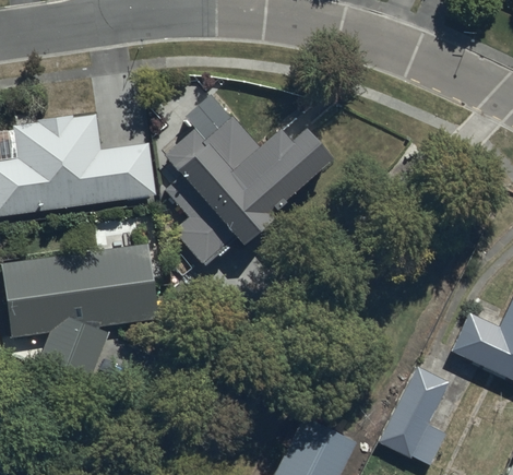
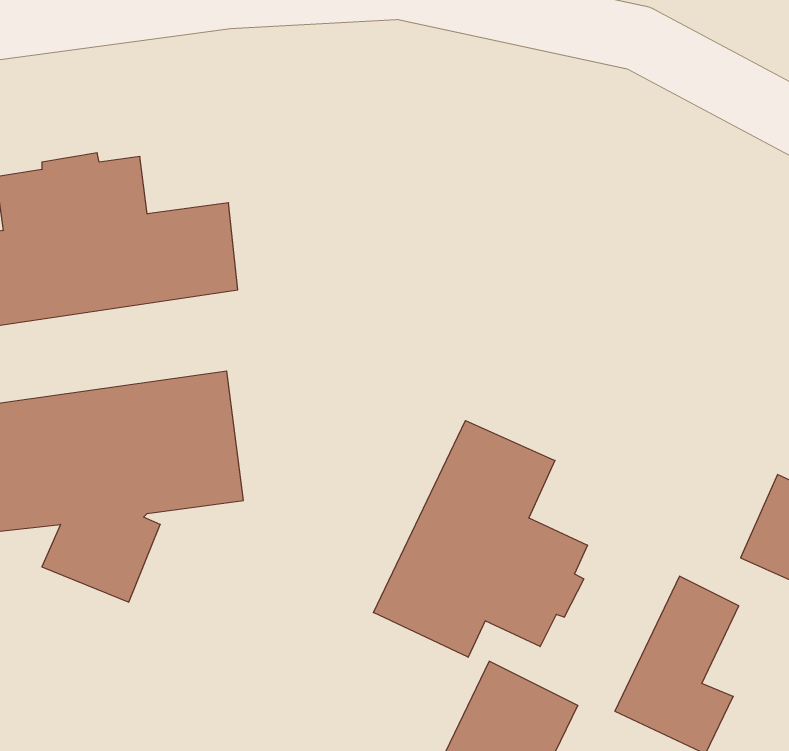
building: [164,114,333,264] -> none
building: none -> [373,421,587,657]

